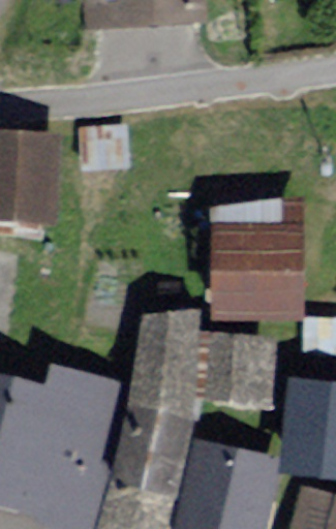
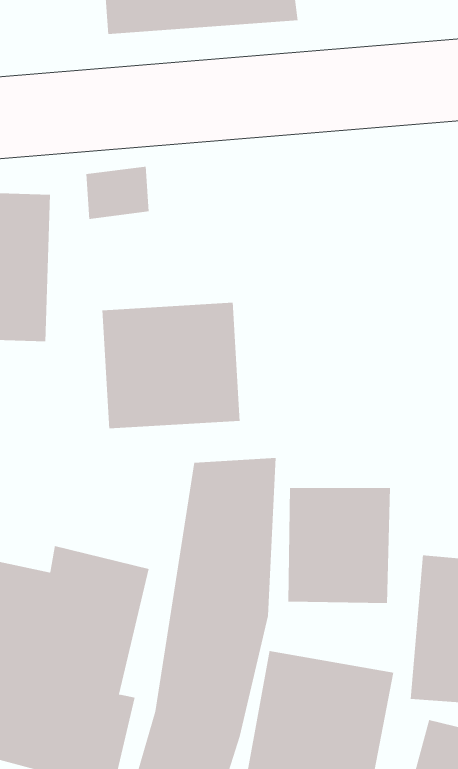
building: [216,196,307,315] -> none
building: none -> [102,302,240,429]

